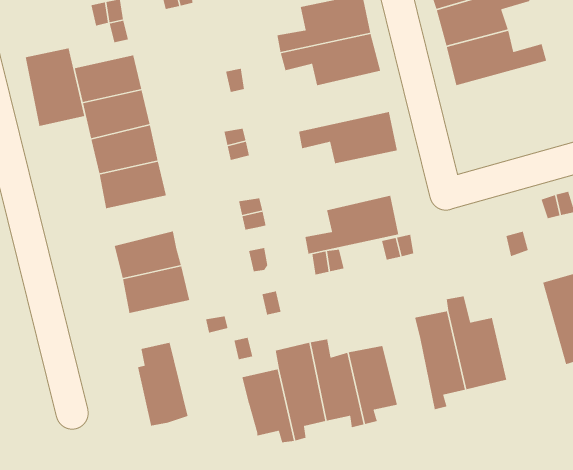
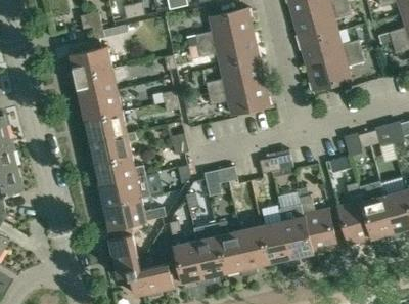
building: [25,47,85,127] -> none
building: none -> [305,50,363,90]
building: none -> [89,131,137,164]
building: [305,195,399,255] -> [206,56,264,93]
building: none -> [336,182,372,245]
building: none -> [103,198,145,228]
building: none -> [260,220,291,266]
building: none -> [128,261,182,295]

